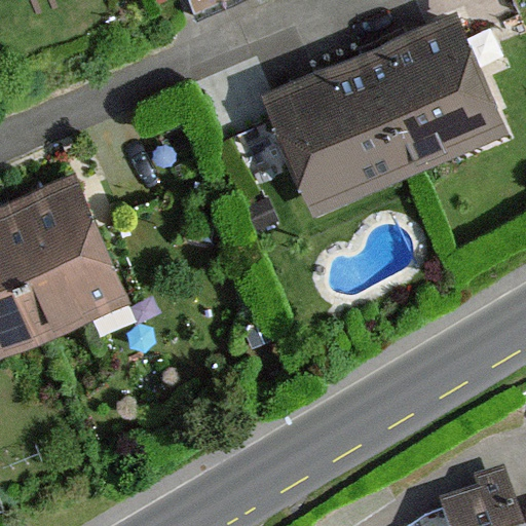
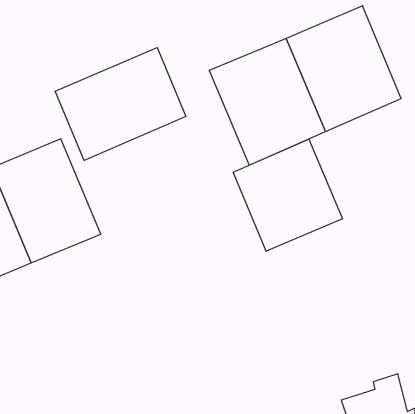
building: none -> [55,48,186,161]
building: none -> [233,139,342,251]

